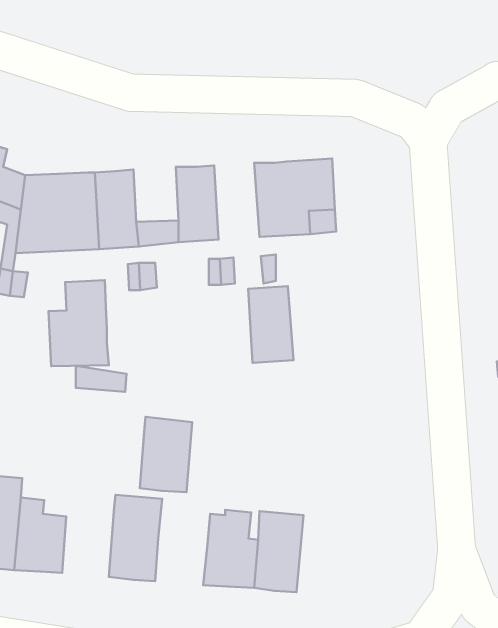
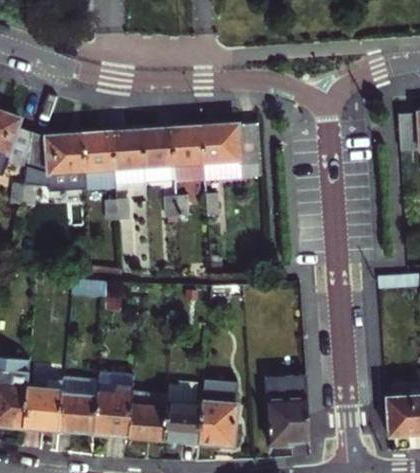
building: none -> [112,132,145,172]
building: [48,280,109,366] -> none
building: [248,286,293,363] -> [171,129,204,185]
building: [140,417,192,492] -> [60,376,98,431]
building: none -> [266,375,307,442]
building: none -> [128,403,166,437]

